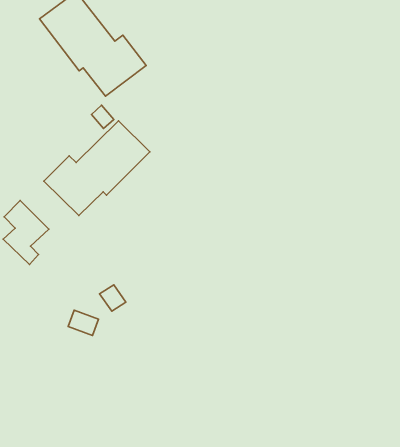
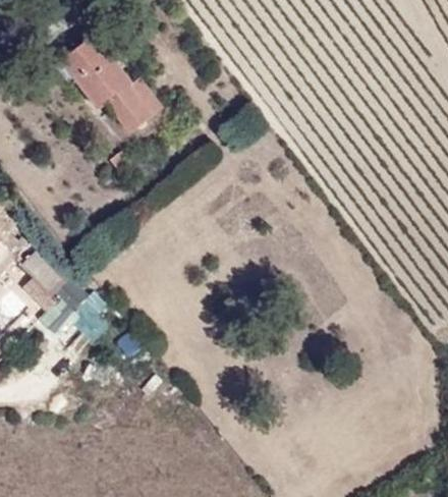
building: [44,121,150,216] -> none

